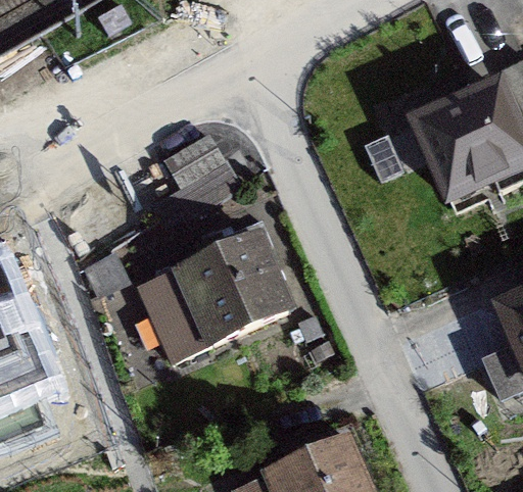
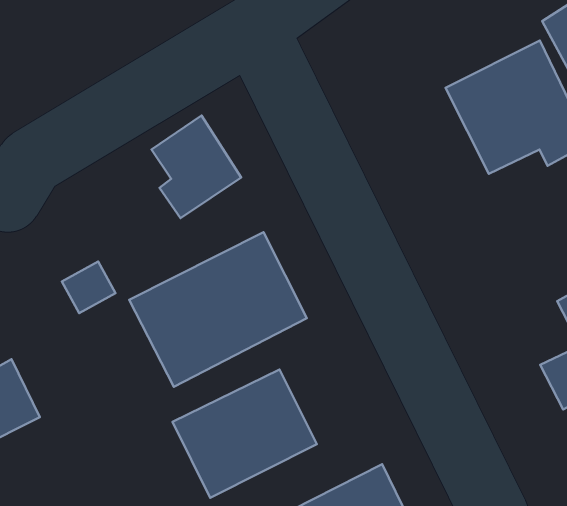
building: none -> [172,369,317,498]

